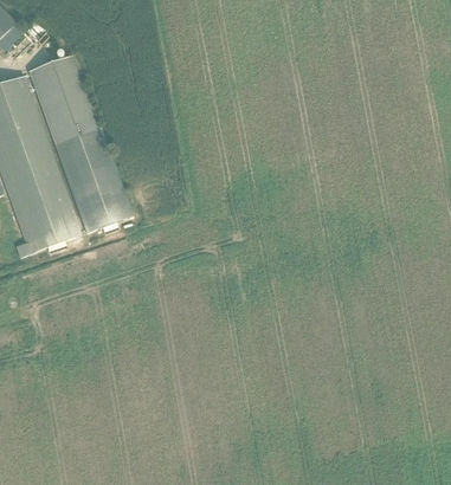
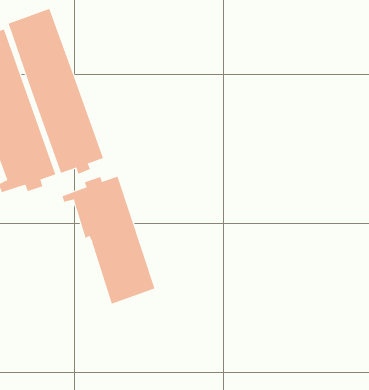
building: none -> [62,176,155,305]

